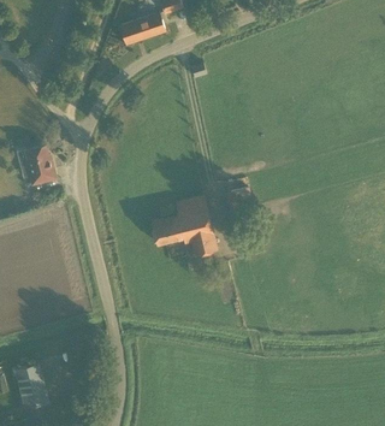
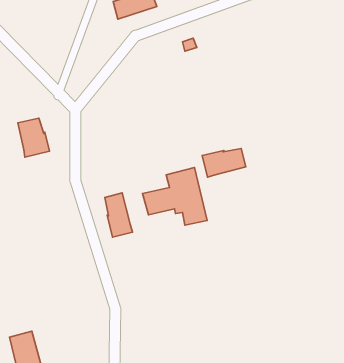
building: none -> [202,149,246,177]
building: none -> [105,193,133,237]

